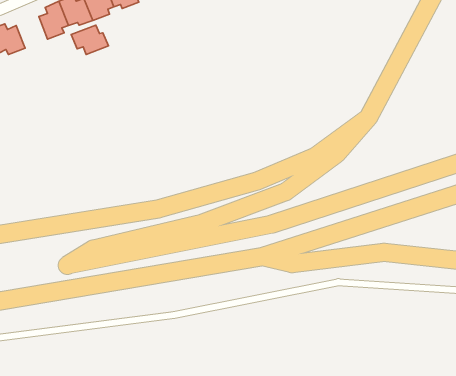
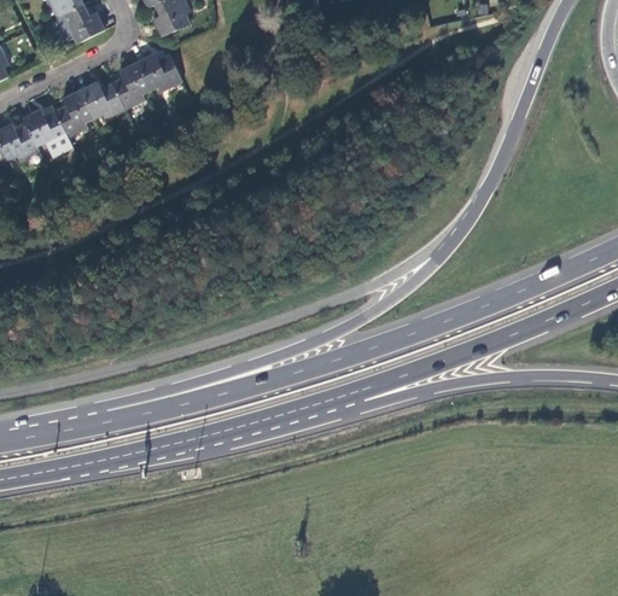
building: none -> [23,109,68,146]
building: [71,25,109,55] -> none

